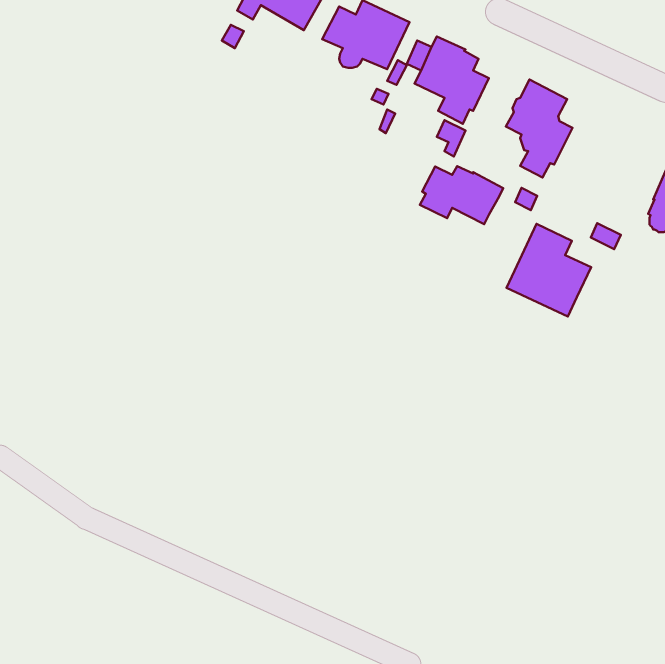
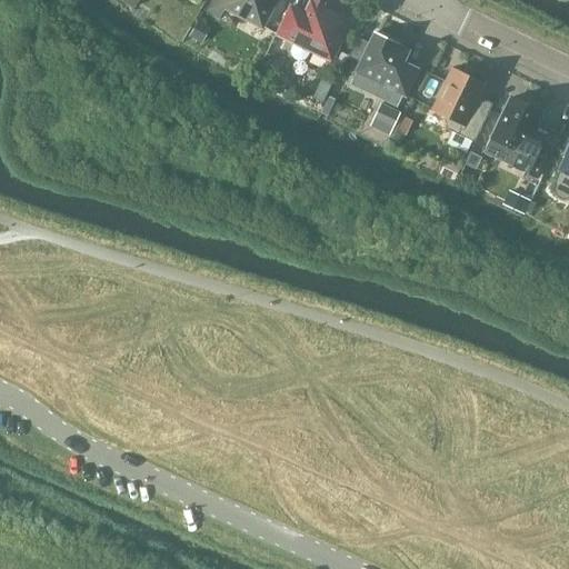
building: [420,166,503,224] -> none
building: [507,224,591,317] -> [485,97,557,176]

